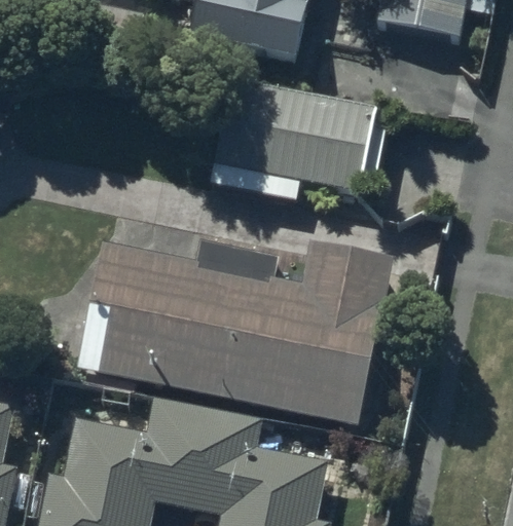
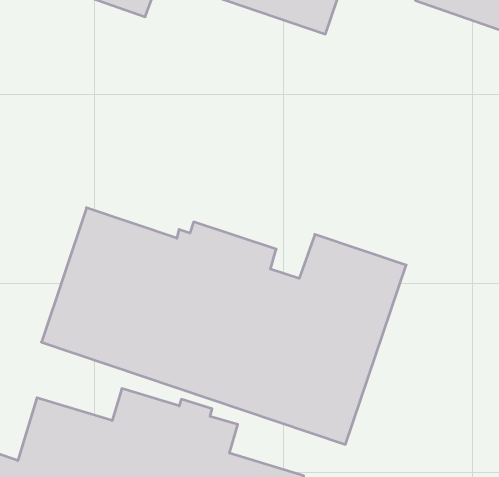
building: [209,76,378,201] -> none

